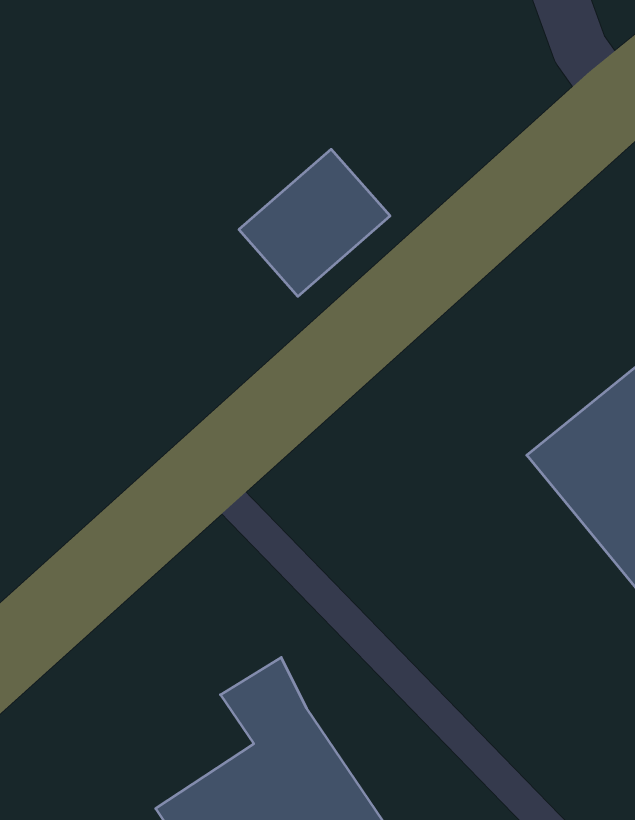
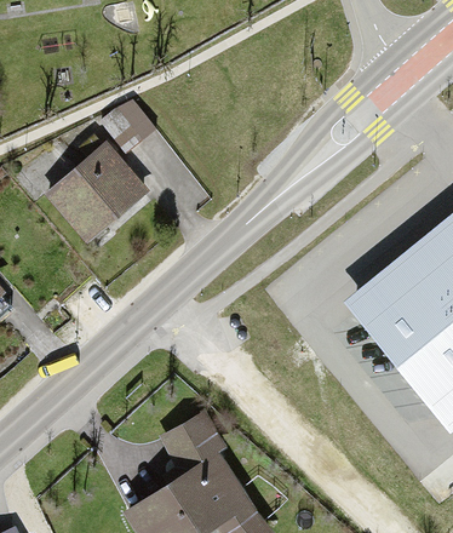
building: [239,149,390,296] -> [48,148,142,239]

